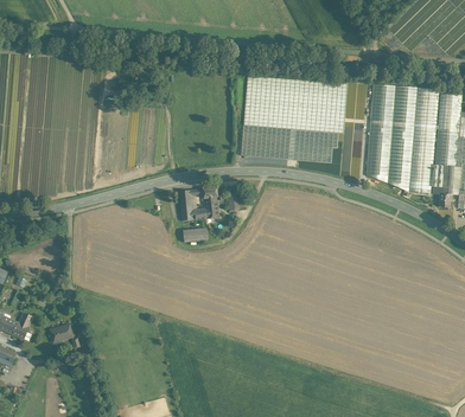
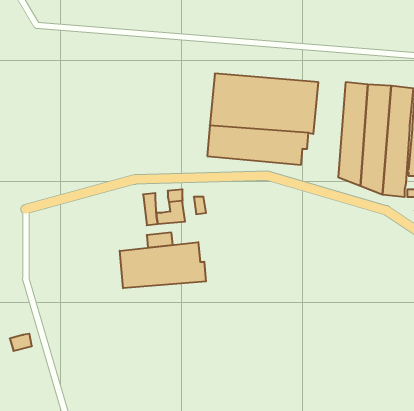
building: none -> [120,242,206,288]

